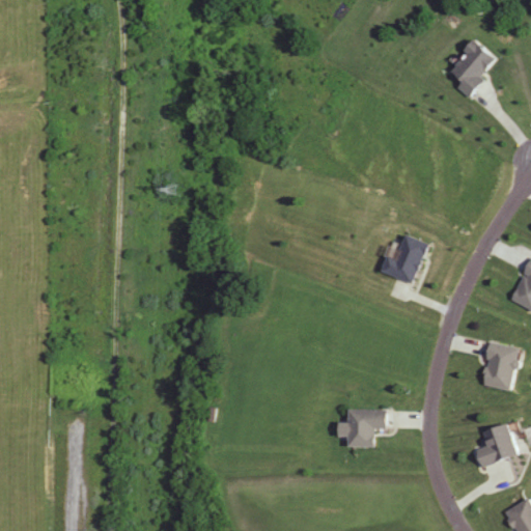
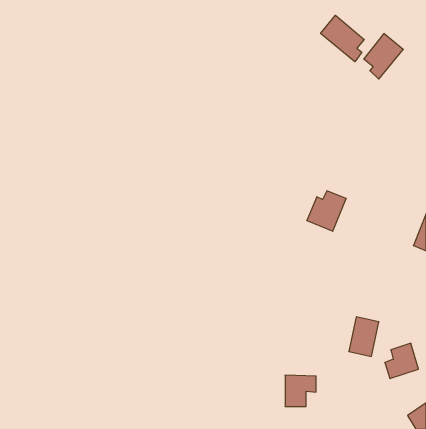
building: none -> [321,15,364,62]
building: [480,342,518,391] -> [349,317,379,356]
building: [347,409,386,447] -> [285,375,316,406]

